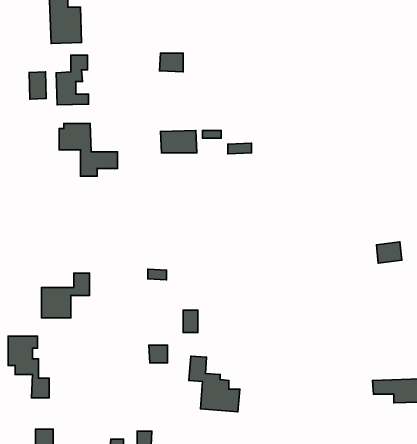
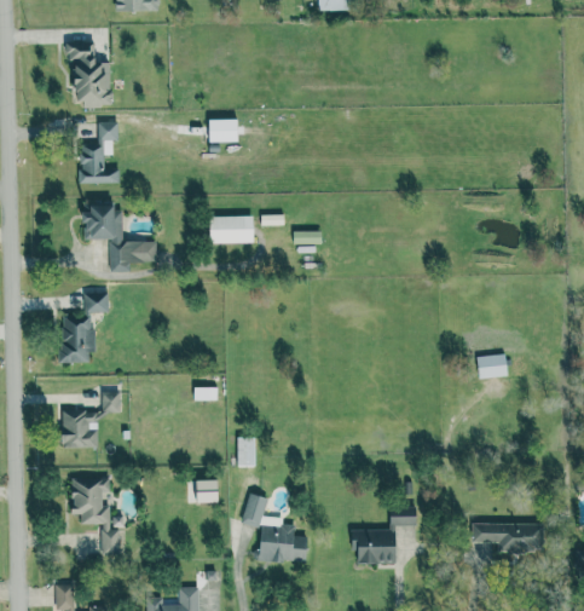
building: [29,72,46,99] -> none
building: none -> [60,293,108,363]
building: [8,336,49,398] -> [73,478,123,554]
building: none -> [352,517,416,564]

